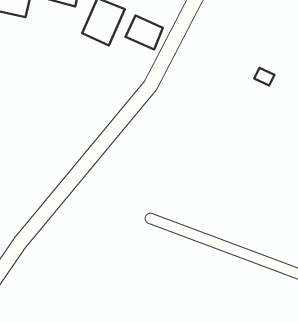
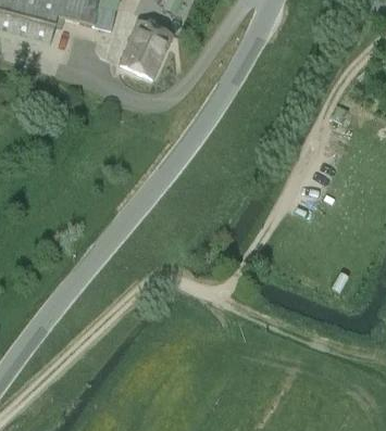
building: [126,15,163,49] -> none

